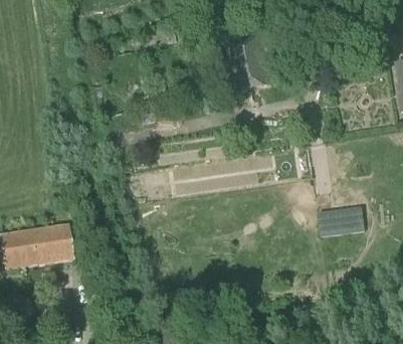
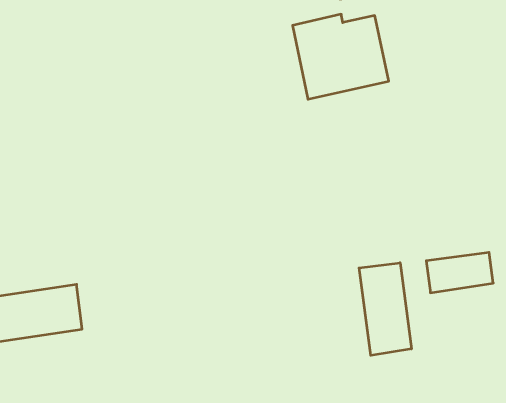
building: none -> [359,263,411,355]

